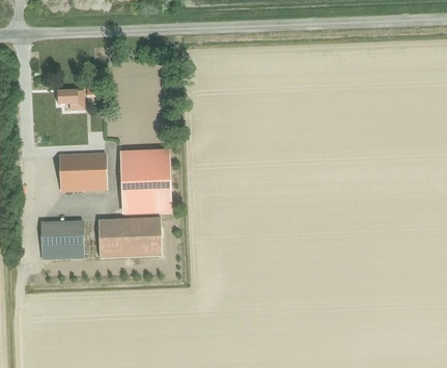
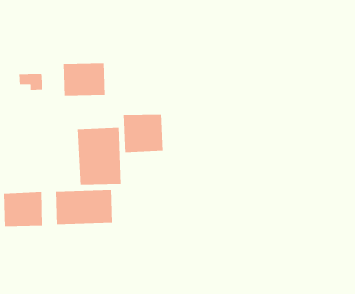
building: none -> [123,114,163,153]
building: [59,153,106,191] -> [63,63,106,97]

